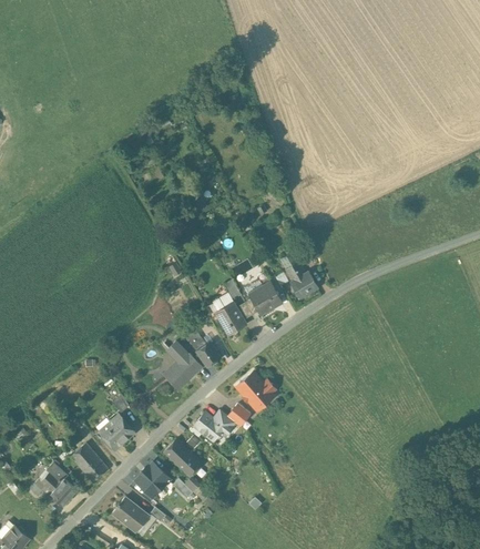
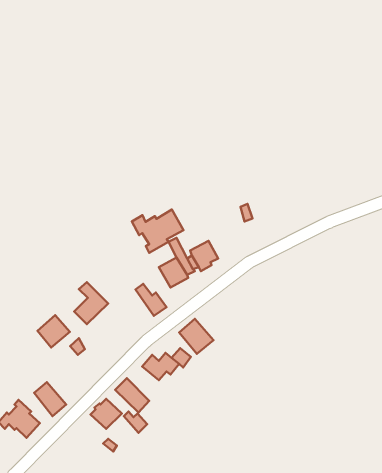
building: none -> [132,210,183,253]
building: [286,262,318,298] -> none
building: [162,340,201,388] -> [74,282,108,324]
building: [99,413,135,449] -> [38,315,70,347]
building: [111,497,147,531] -> none

